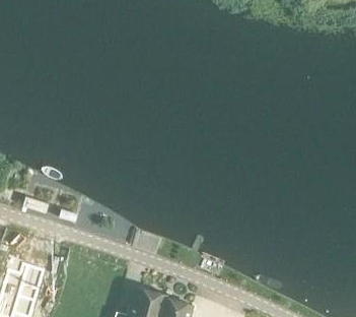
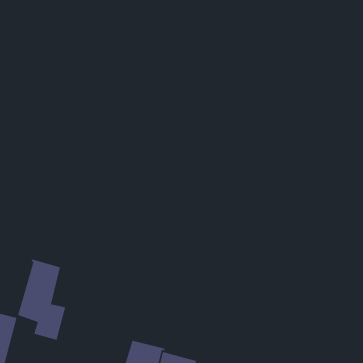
building: none -> [17,258,66,341]

